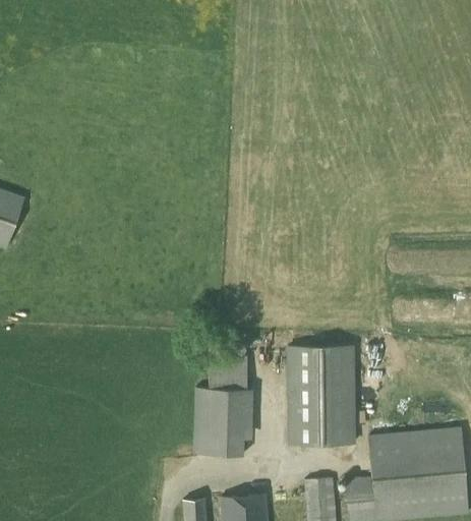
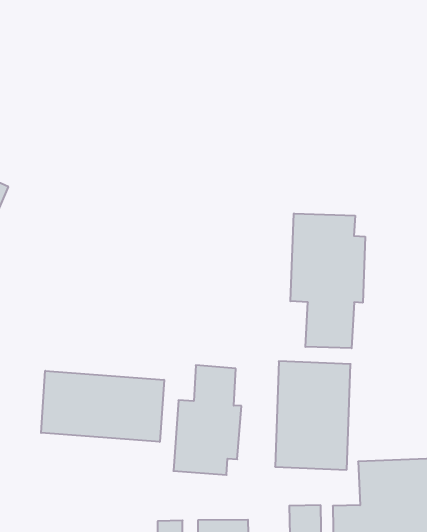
building: none -> [290,213,365,348]
building: none -> [41,371,164,442]

